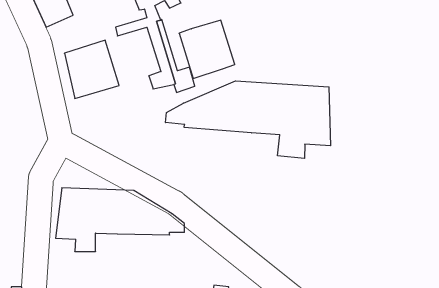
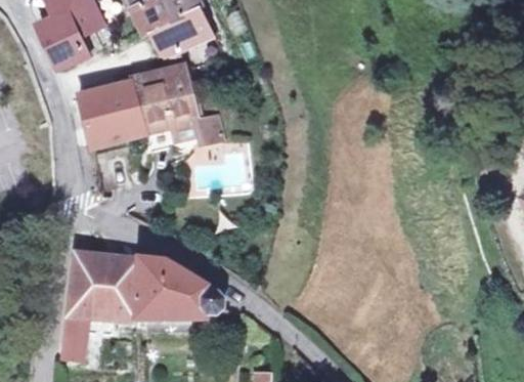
building: [179,20,235,78] -> [126,70,191,138]
building: [166,81,331,158] -> none
building: none -> [62,319,91,357]

